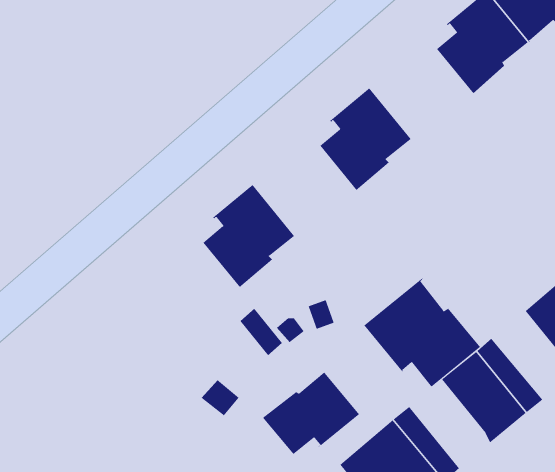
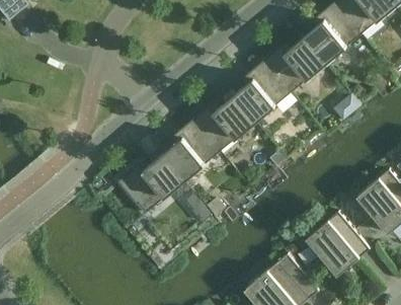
building: none -> [263,37,326,94]
building: none -> [192,96,255,153]
building: none -> [116,155,184,216]
building: [363,276,481,387] -> none
building: [262,368,360,455] -> none

